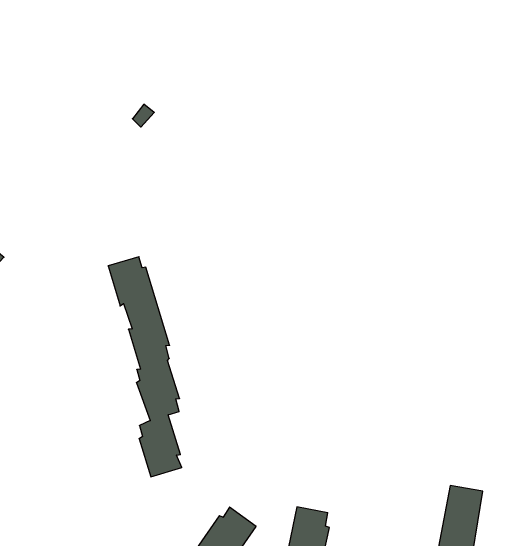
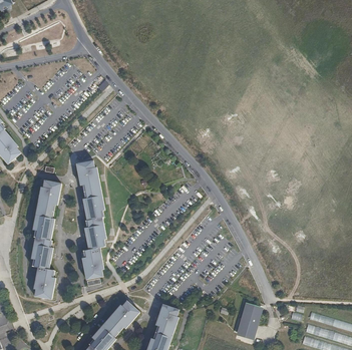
building: none -> [31,180,61,299]

